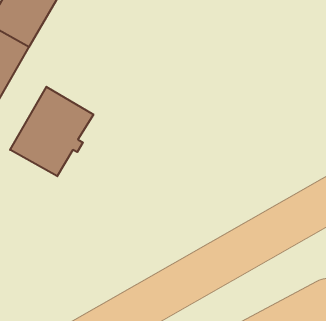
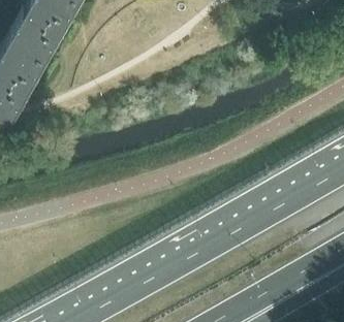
building: [10,87,93,176] -> none

